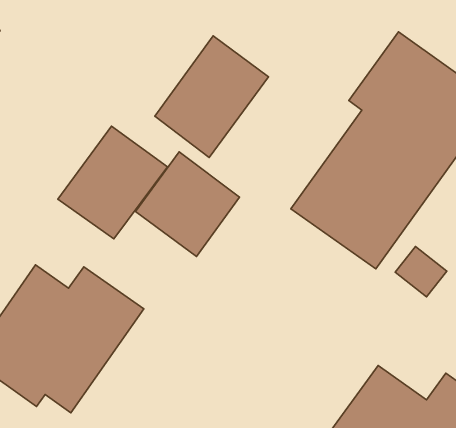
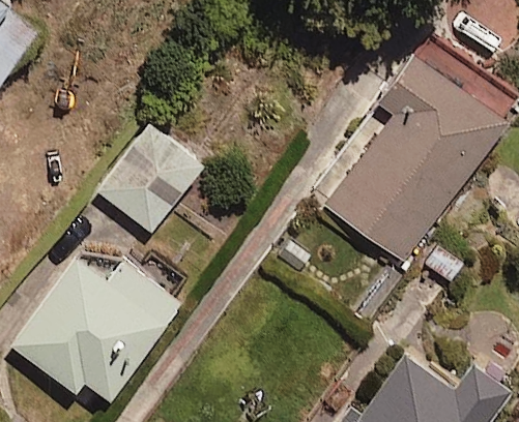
building: [155,36,269,157] -> none
building: [135,152,239,257] -> none

